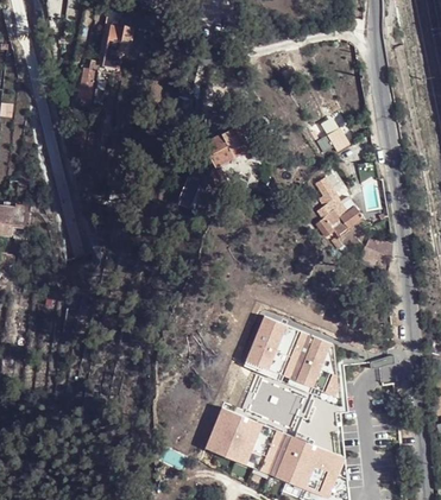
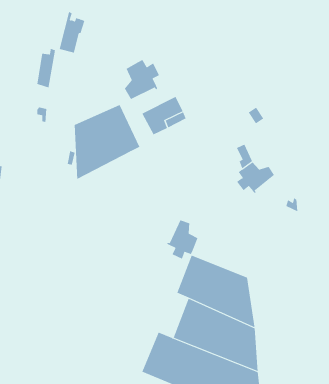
building: none -> [124,59,159,100]
building: none -> [74,104,140,180]
building: none -> [167,219,198,259]

